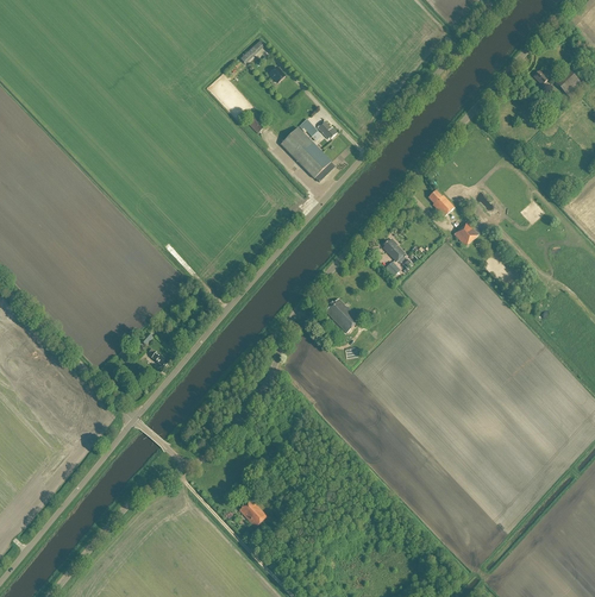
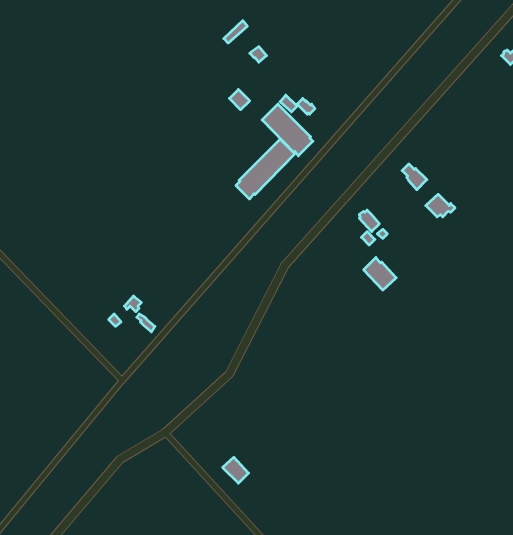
building: none -> [236,139,295,199]
building: [325,298,359,333] -> [364,257,396,290]

